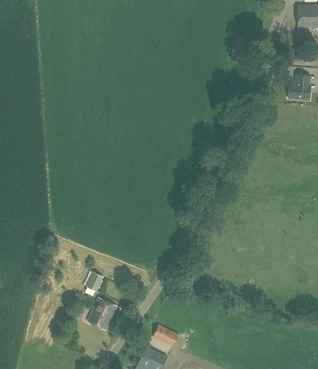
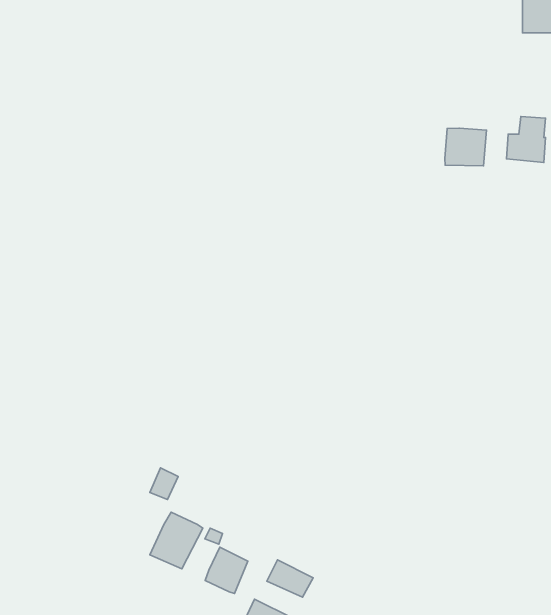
building: none -> [445,128,487,166]
building: none -> [205,547,248,594]

